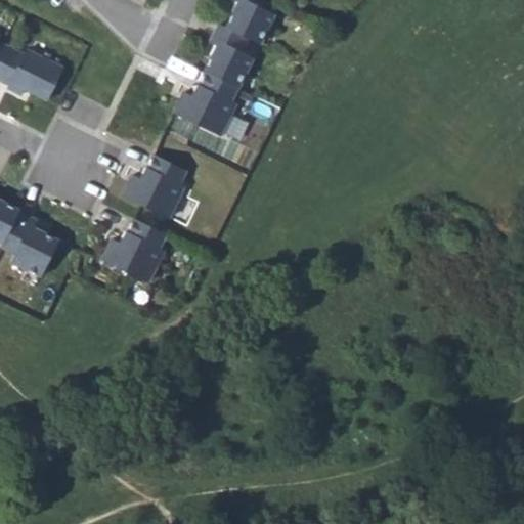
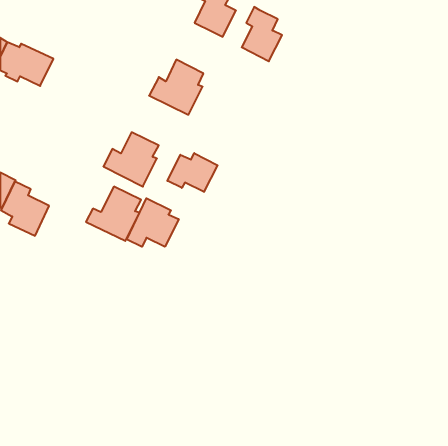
building: [206,23,253,86] -> [242,7,282,61]
building: none -> [167,153,218,192]
building: none -> [127,198,179,247]

